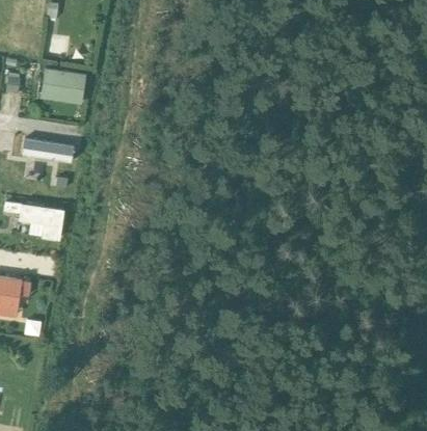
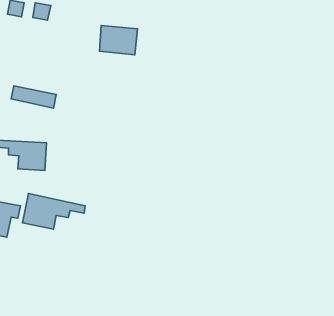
building: [41,68,86,103] -> [99,25,138,55]
building: none -> [22,193,85,229]

